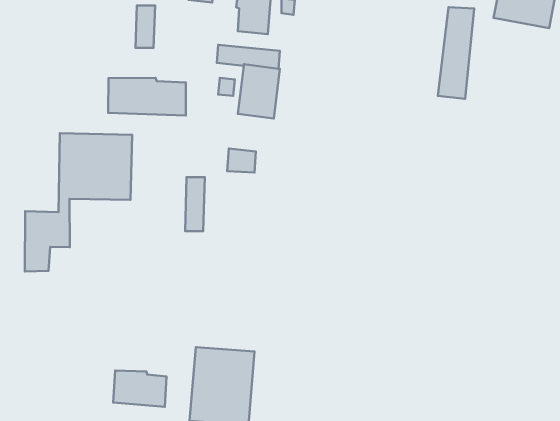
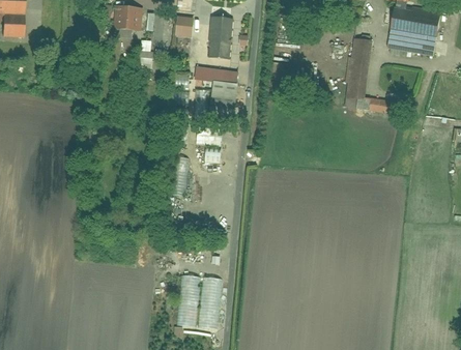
building: [108,78,186,116] -> none
building: [25,133,132,271] -> none
building: [113,371,167,407] -> none

